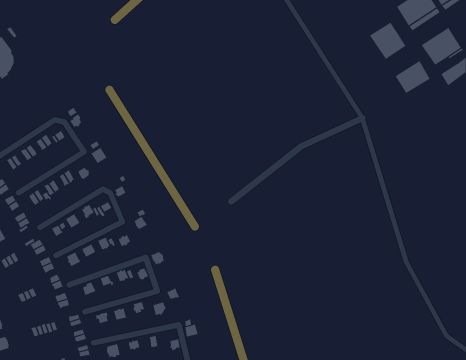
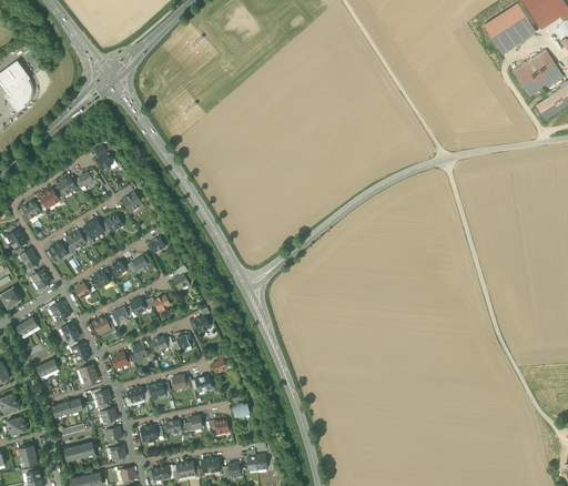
building: [369,22,406,60] -> none
building: [395,60,430,94] -> none

